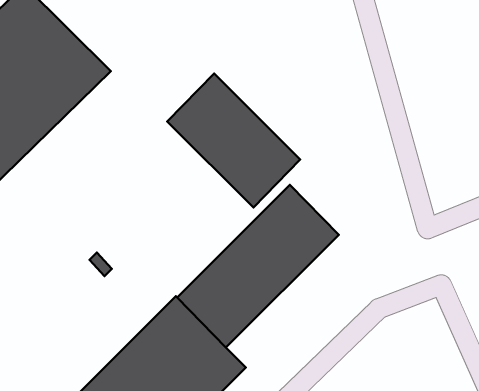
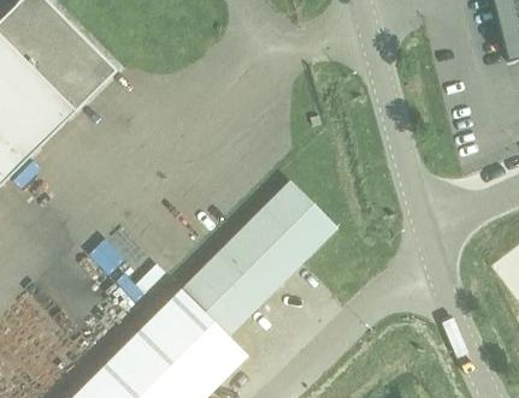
building: [167,74,300,207] -> none

